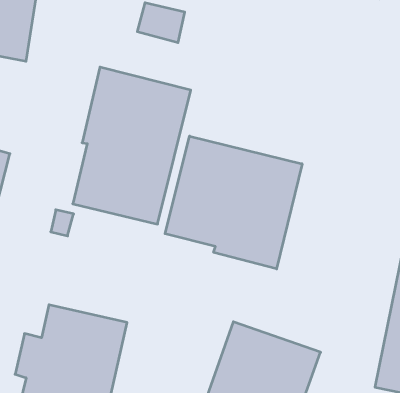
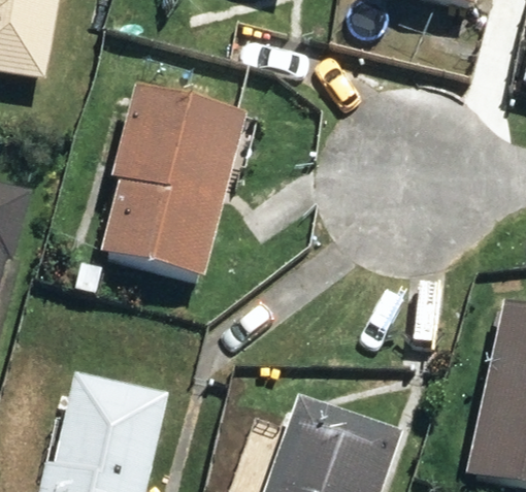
building: [165,136,302,269] -> none

